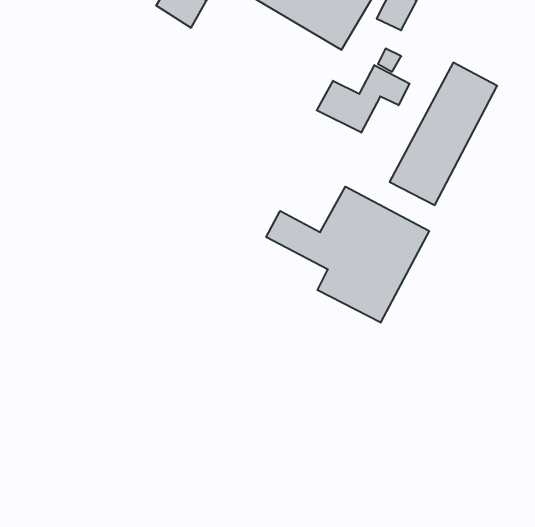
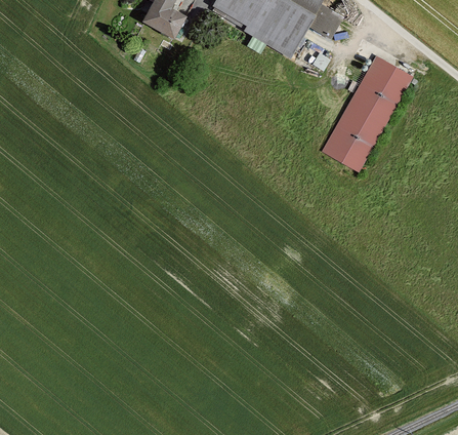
building: [317,65,410,133] -> none
building: [266,187,429,323] -> none

